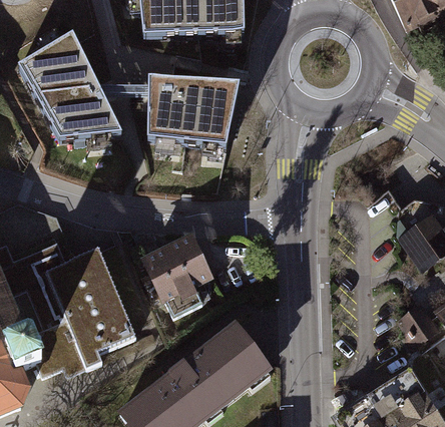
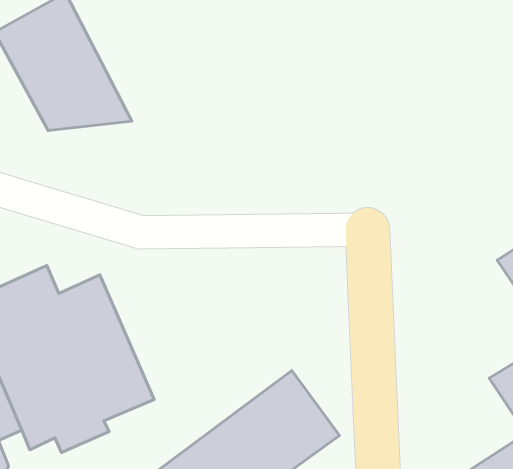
building: [148,75,237,144] -> none
building: [143,241,219,307] -> none

